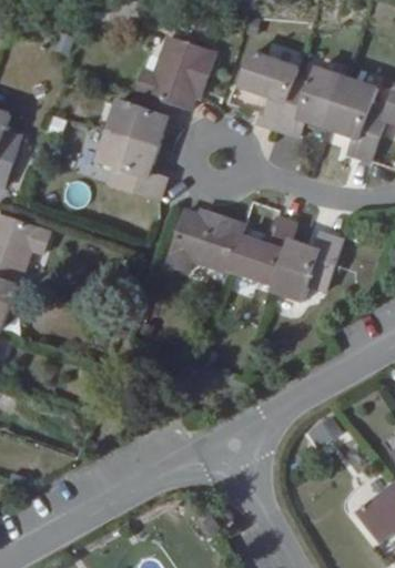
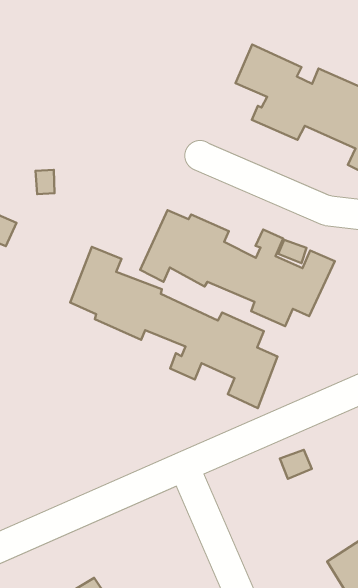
building: [97,33,216,201] -> none
building: none -> [70,247,277,408]

